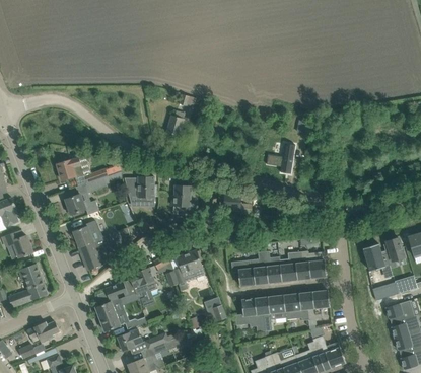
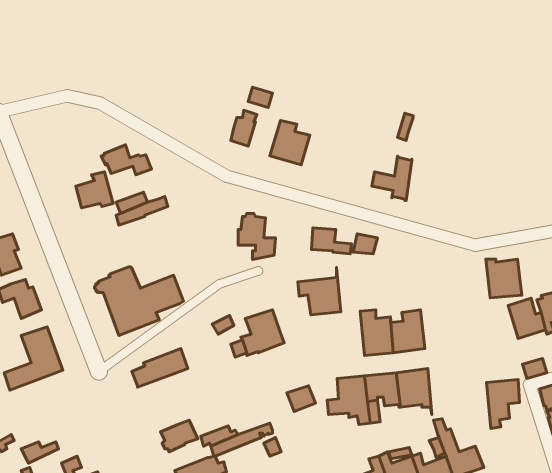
building: none -> [270,121,310,165]
building: [128,176,154,204] -> none
building: [63,194,98,215] -> [101,145,152,175]
building: [300,251,326,279] -> [486,259,522,298]
building: [230,252,261,286] -> [298,267,341,315]
building: [129,267,157,307] -> none
building: [305,291,329,325] -> [486,380,520,428]
building: [95,296,146,331] -> none
building: [27,321,59,344] -> none

